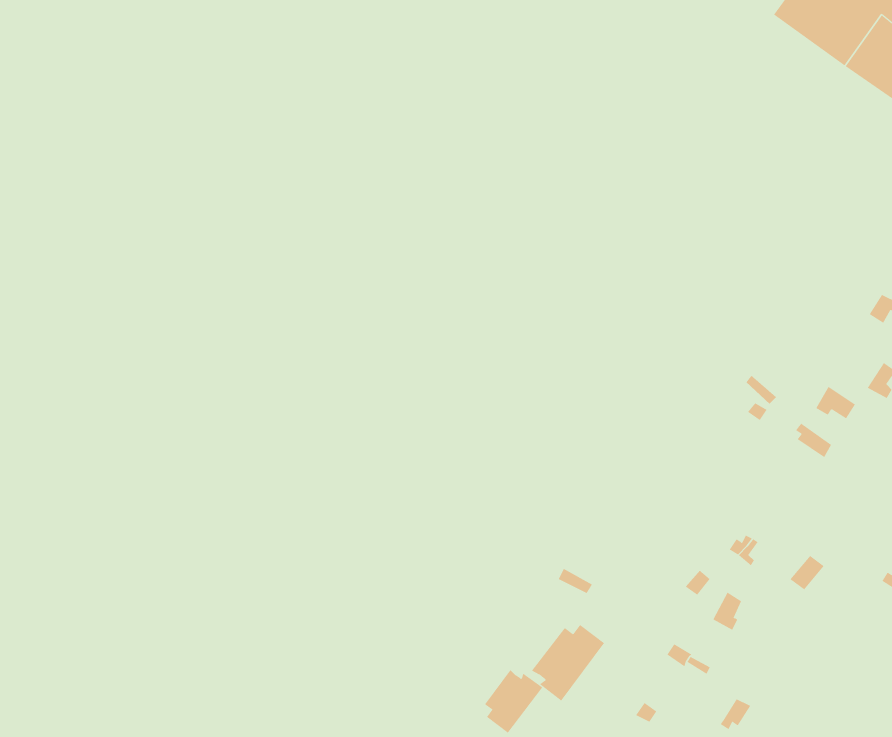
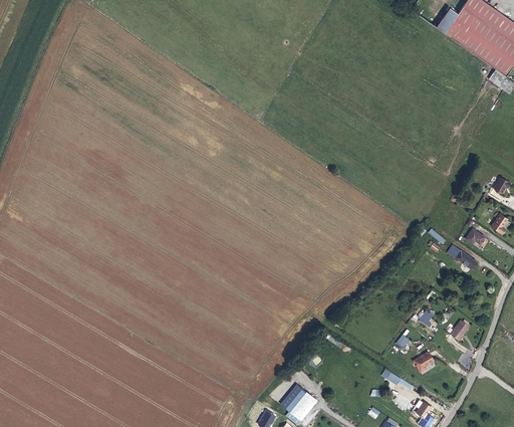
building: [531,624,605,702] -> none

